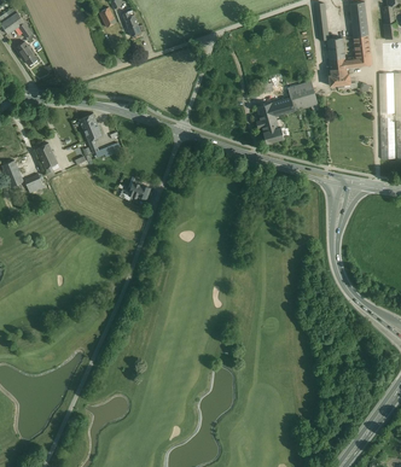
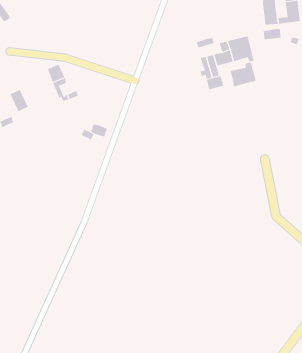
building: none -> [230,62,256,87]

